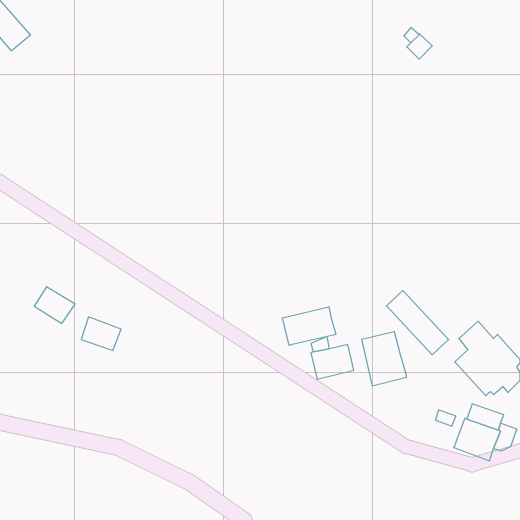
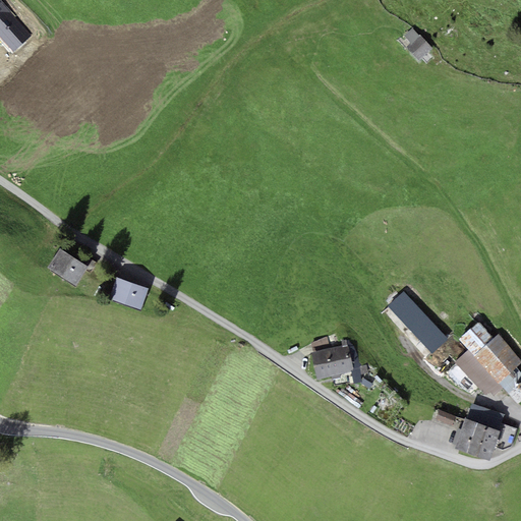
building: [34,287,75,323] -> [47,248,88,285]
building: [282,307,336,345] -> none
building: [81,317,121,351] -> [108,276,148,309]
building: [362,331,406,386] -> none

